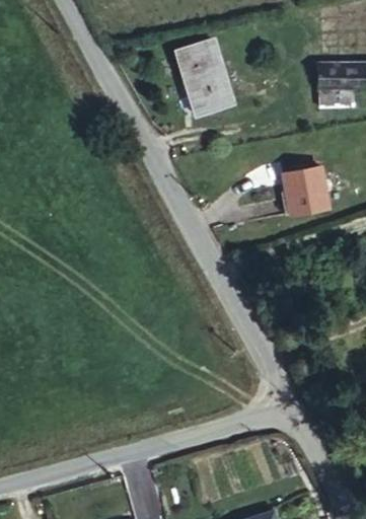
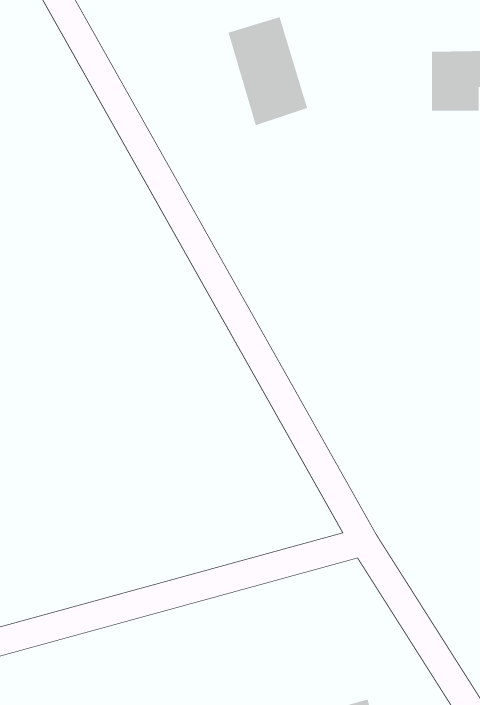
building: [284,167,326,213] -> none

